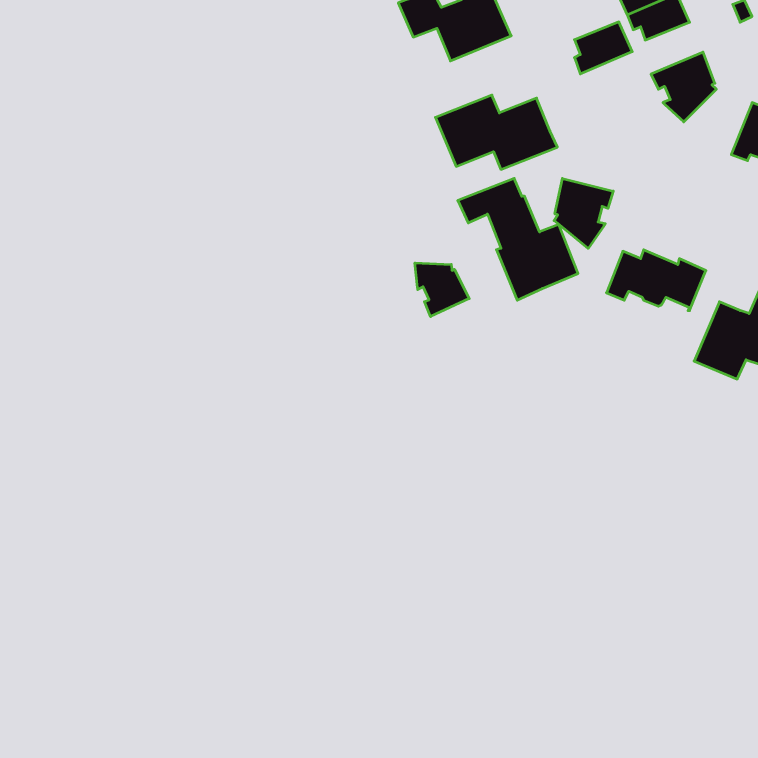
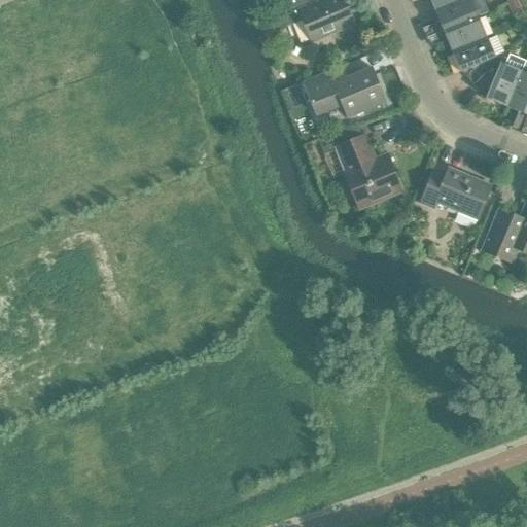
building: [574,22,632,74] -> [448,15,488,51]
building: none -> [475,62,522,107]
building: [554,178,613,248] -> none
building: [415,263,469,317] -> none

